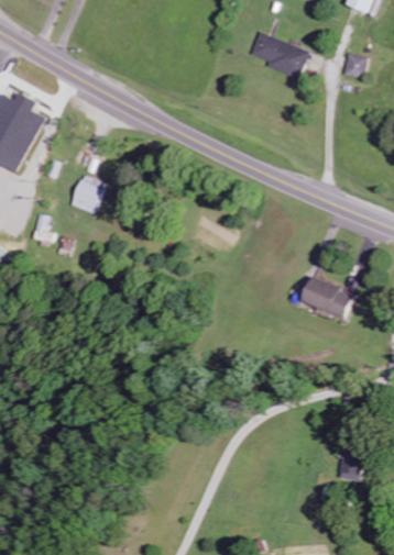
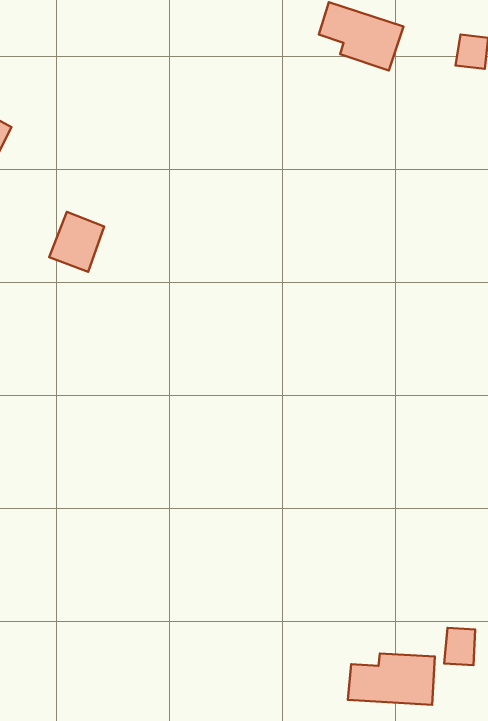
building: [299,275,352,317] -> none
building: none -> [348,653,435,705]

